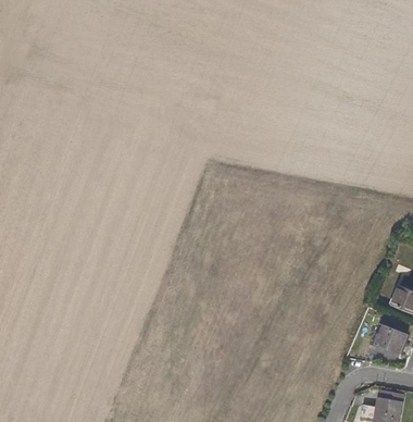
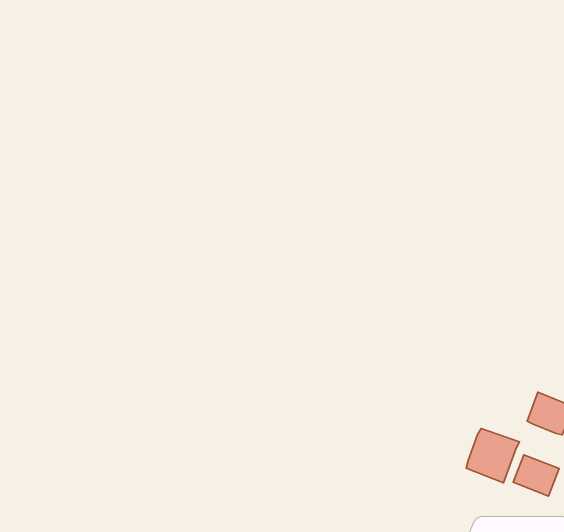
building: none -> [466,428,520,483]

